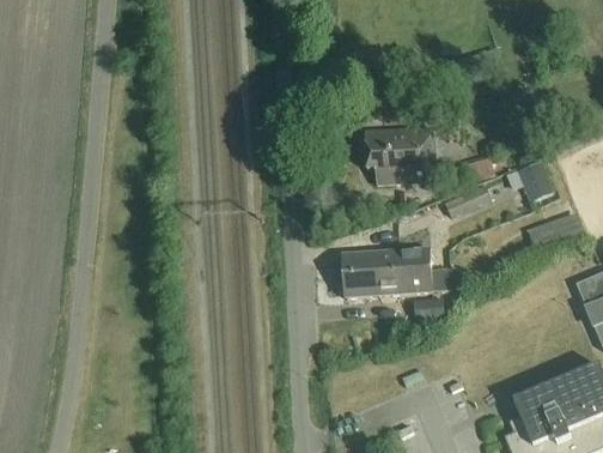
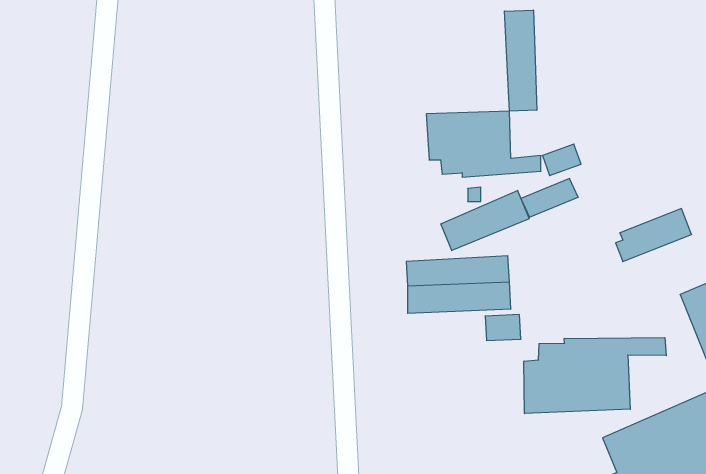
building: none -> [504,10,537,111]
building: [517,161,552,200] -> none
building: none -> [441,190,529,251]
building: none -> [524,338,666,414]

